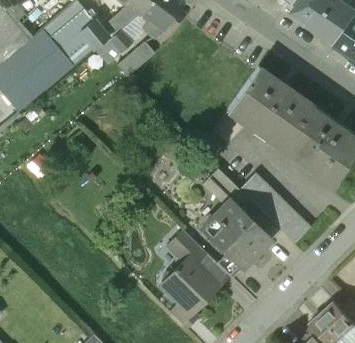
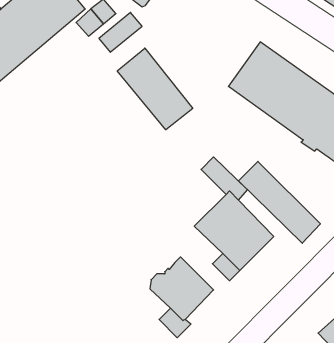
building: none -> [117,48,193,130]
building: [165,228,206,263] -> none

